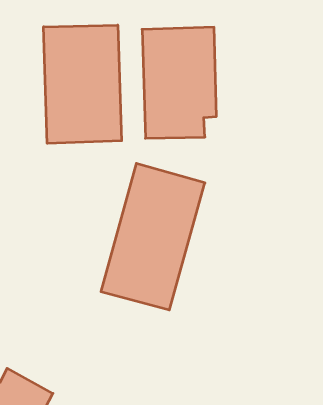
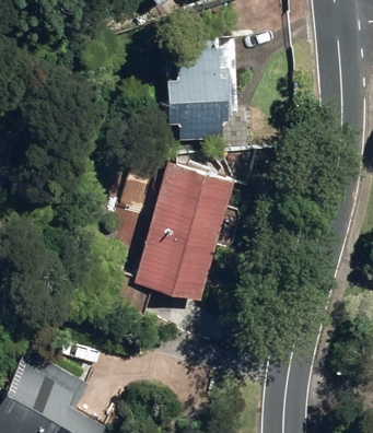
building: [44,25,122,143] -> none

